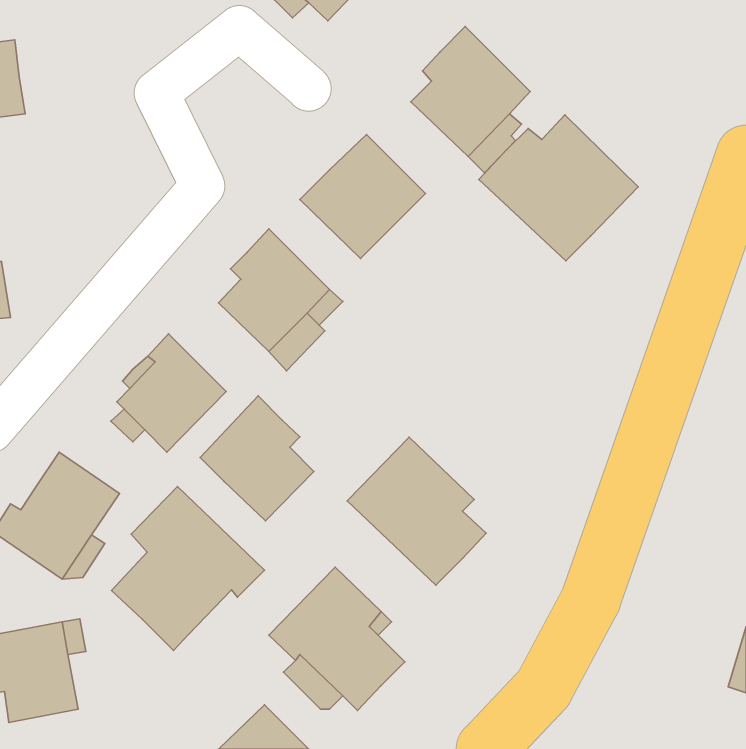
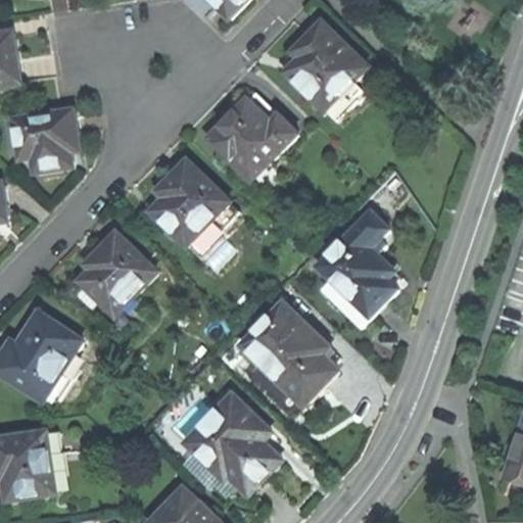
building: [479,115,638,261] -> none
building: none -> [10,106,77,169]
building: none -> [319,213,395,315]
building: [200,396,314,521] -> none
building: [112,487,264,650] -> none

